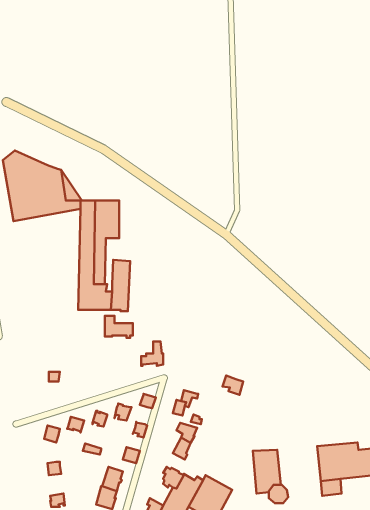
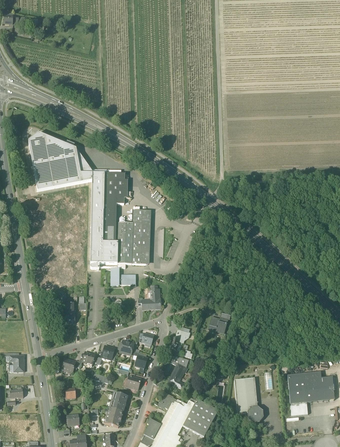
building: none -> [131,209,148,263]

